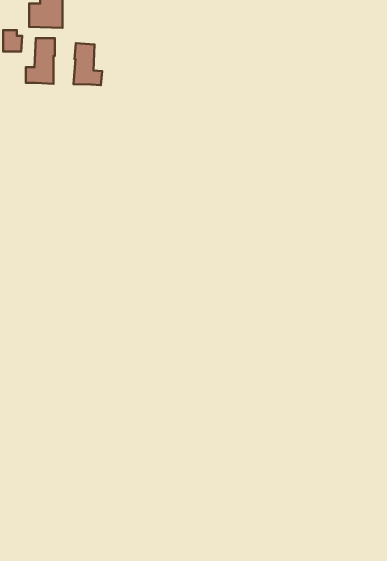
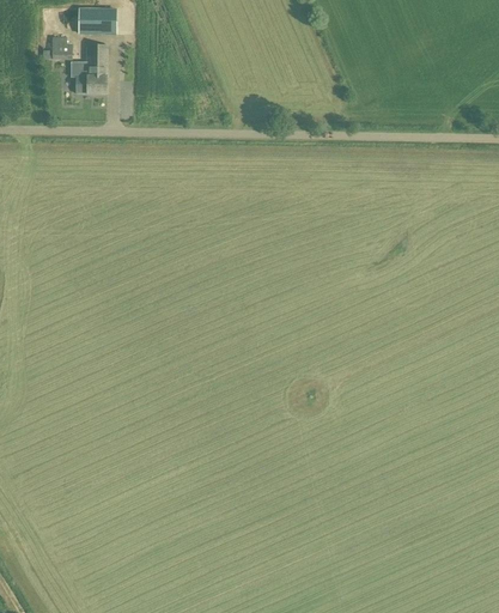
building: [73,43,102,85] -> none

